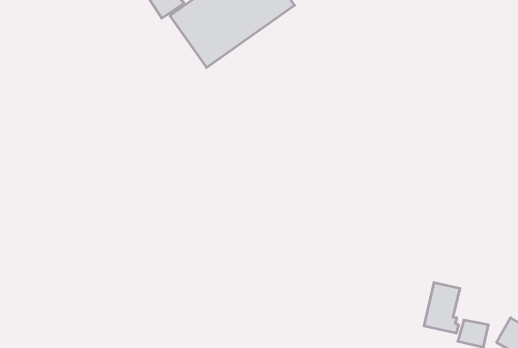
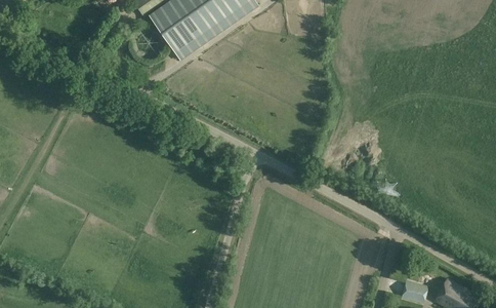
building: [424,282,460,333] -> none

